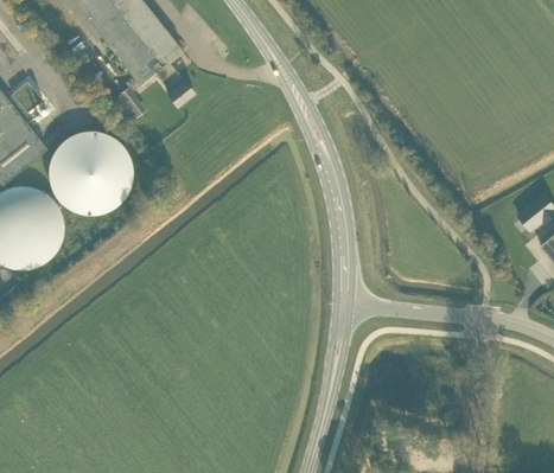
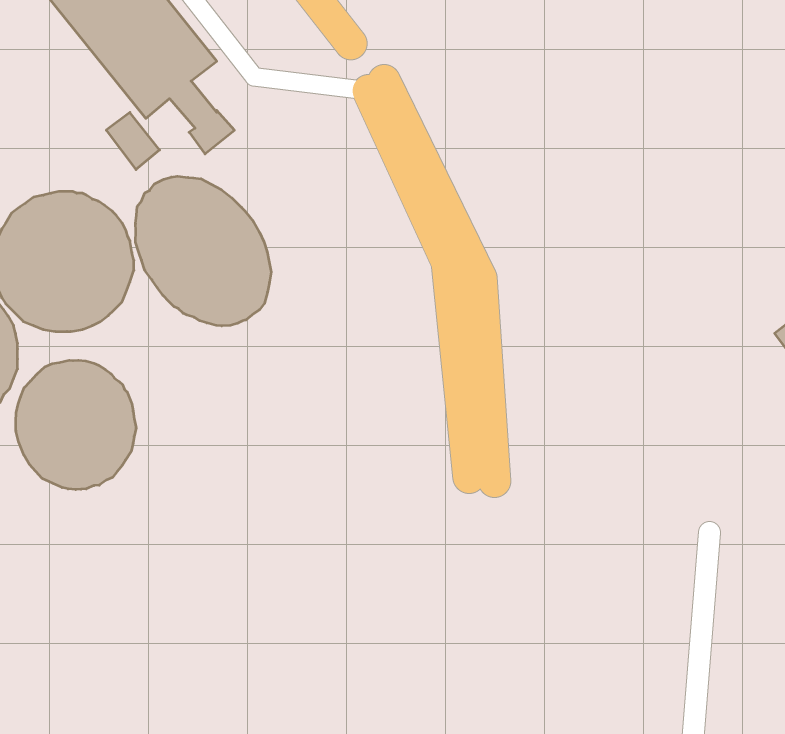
building: none -> [135,176,271,326]
building: none -> [16,360,136,490]

